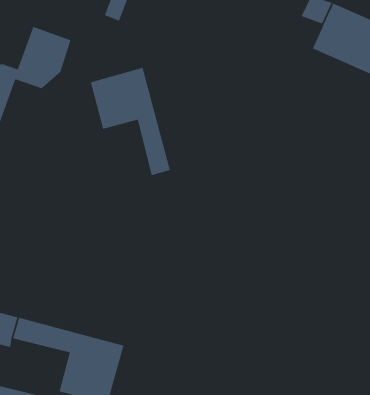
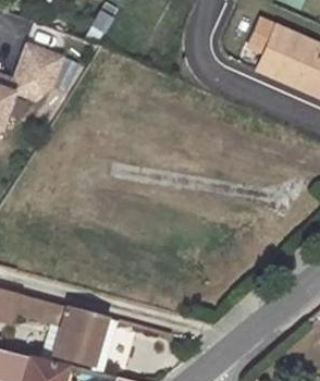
building: [90,67,171,176] -> none

